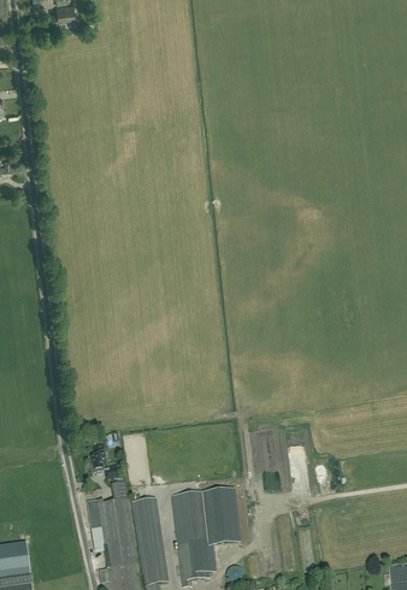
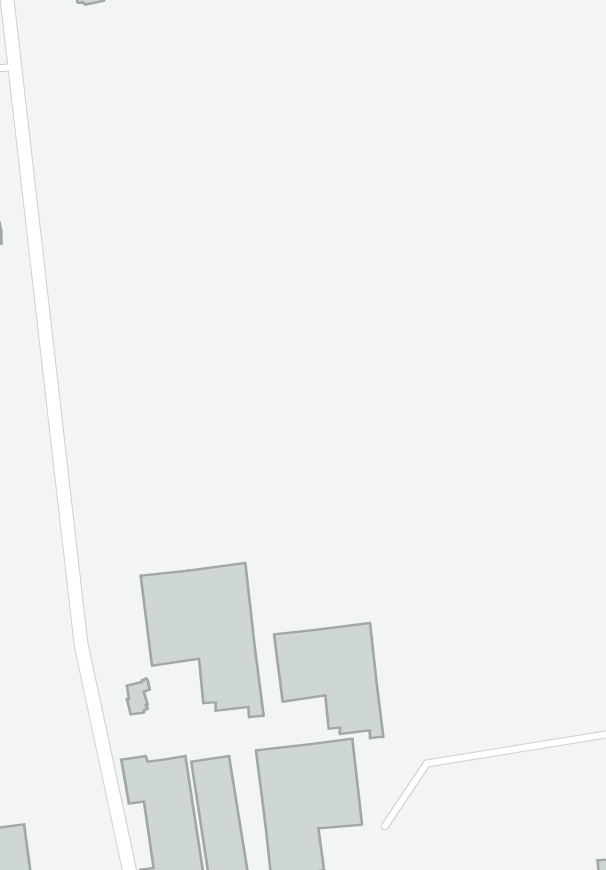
building: none -> [141,563,263,717]
building: none -> [274,623,383,738]

